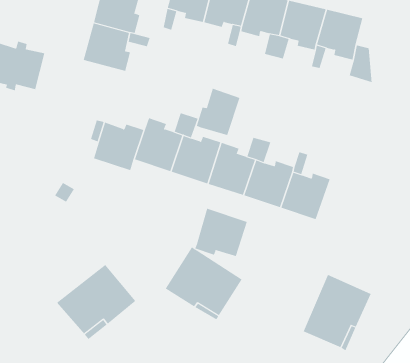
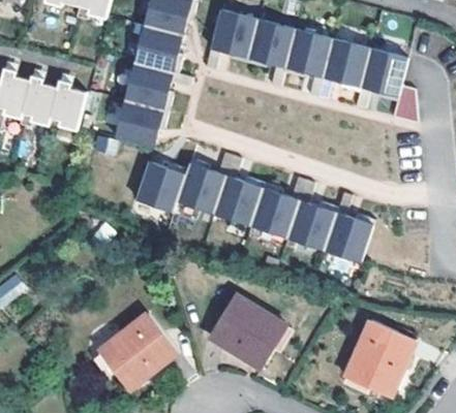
building: none -> [115,101,168,149]
building: [196,88,240,136] -> none
building: [195,208,248,257] -> none

